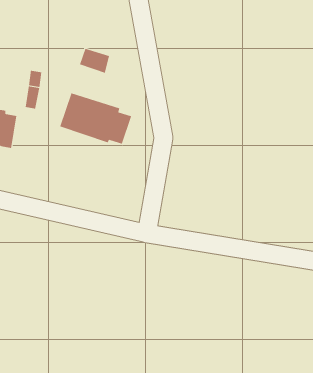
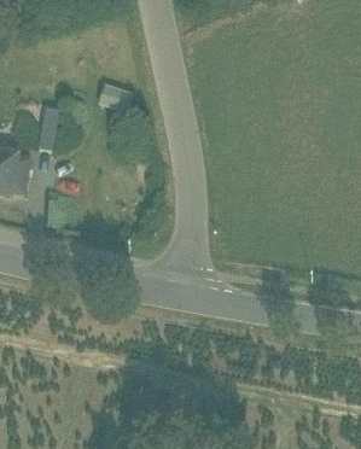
building: [60,92,132,145] -> none

